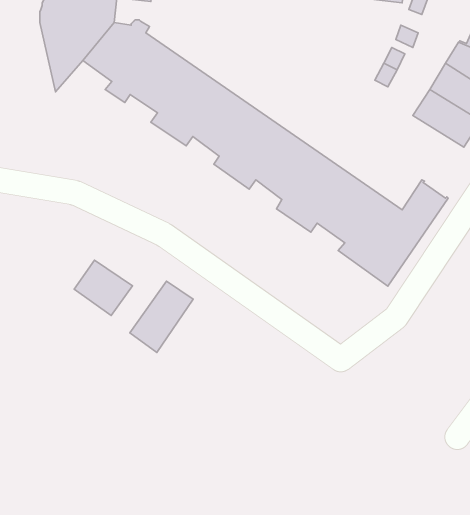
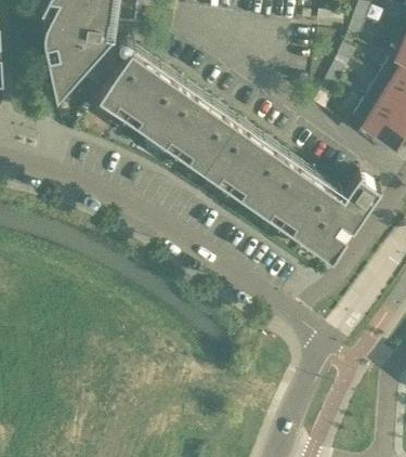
building: [74,260,132,316] -> none
building: [130,281,193,353] -> none

